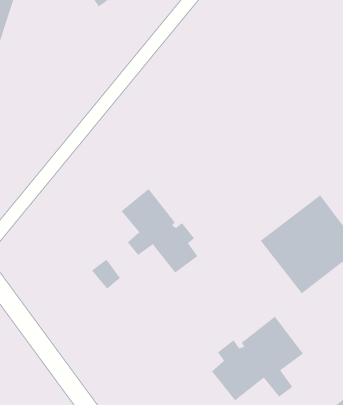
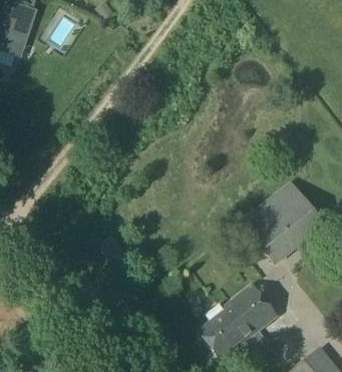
building: [121,188,198,273] -> none

